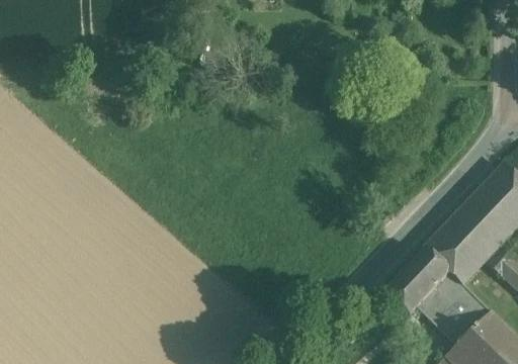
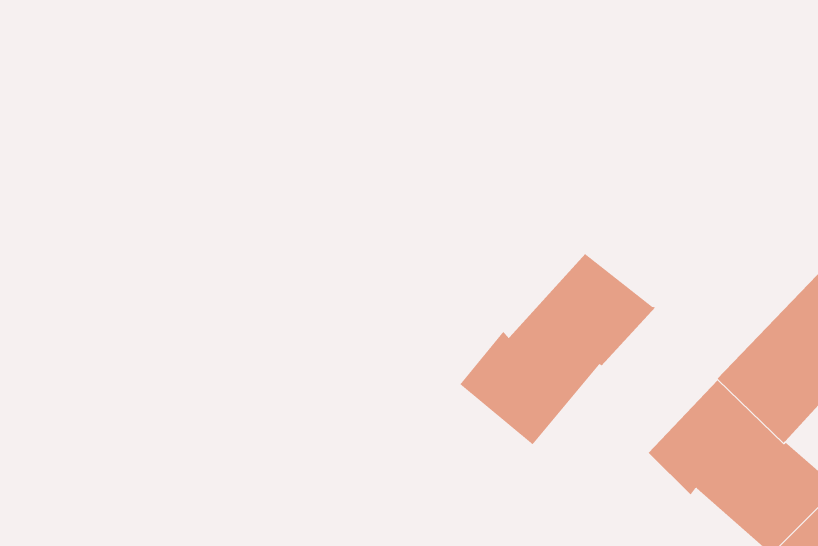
building: none -> [460,253,656,445]

